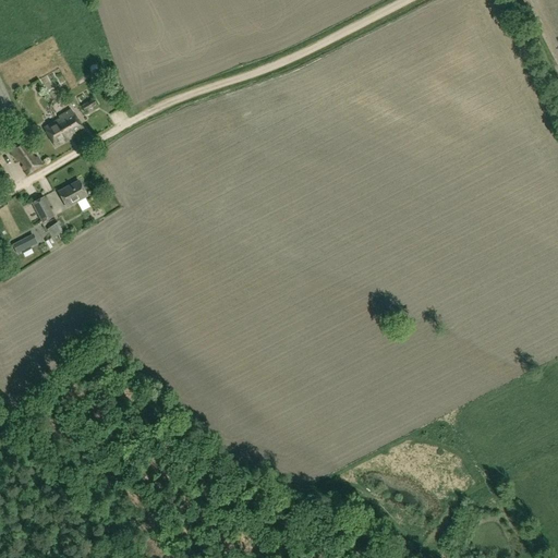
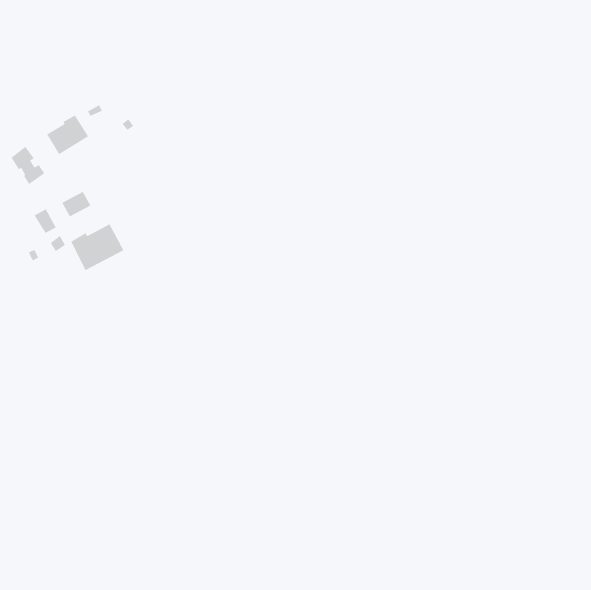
building: none -> [70,223,124,271]

